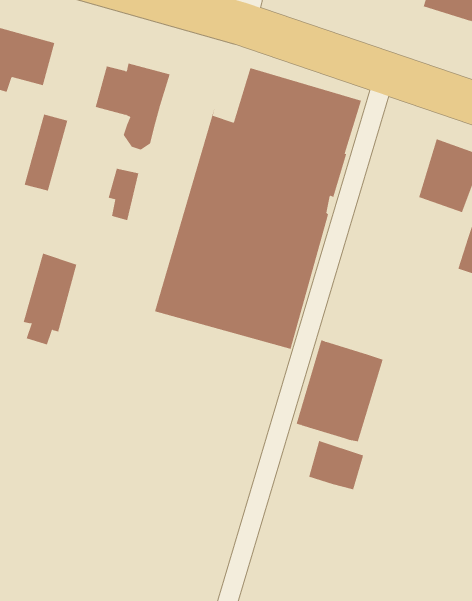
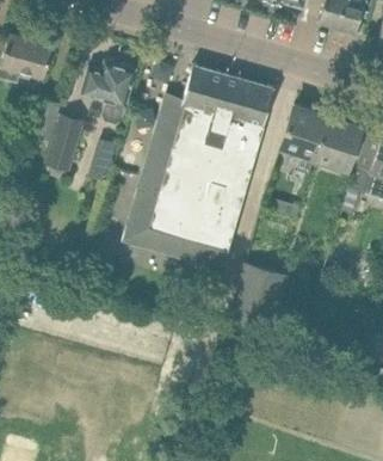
building: none -> [280,106,328,176]
building: [23,253,77,345] -> [45,115,85,182]
building: [309,440,364,490] -> none

